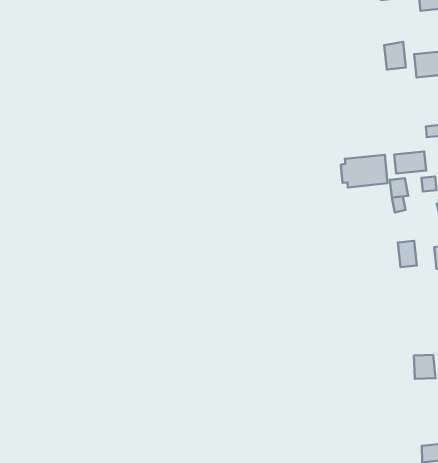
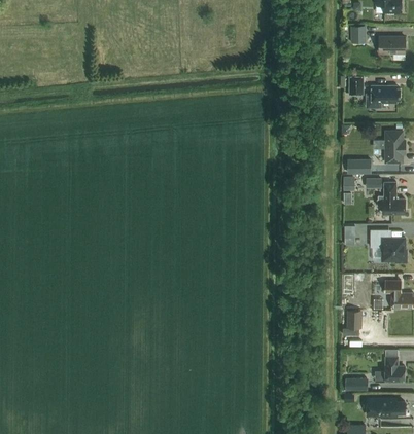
building: [341,155,388,187] -> none

